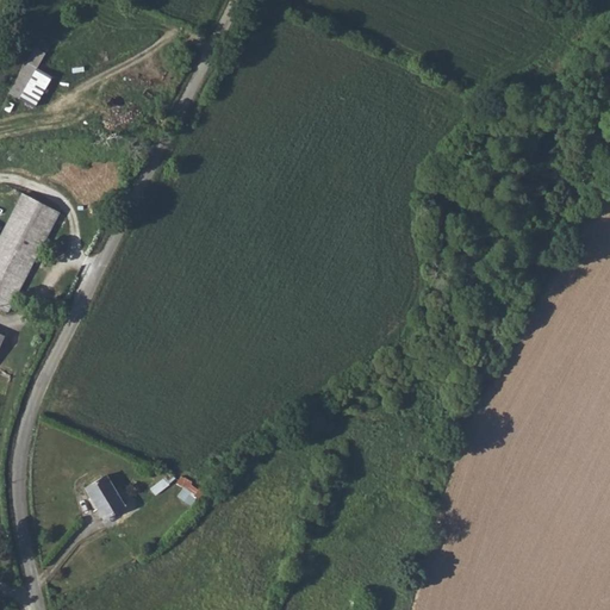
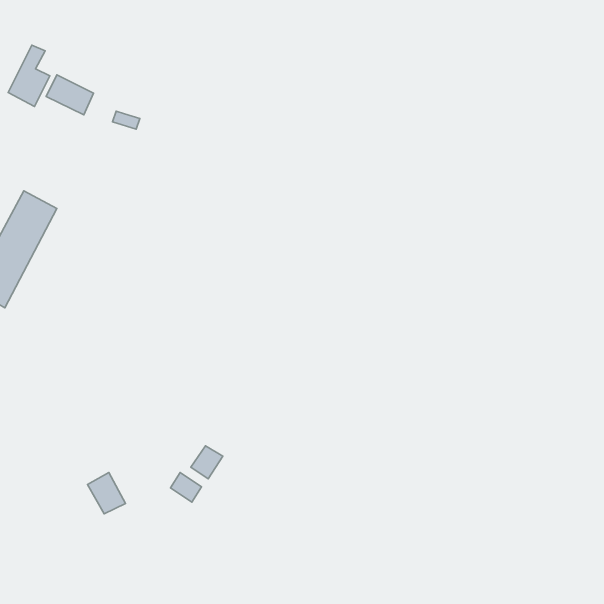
building: none -> [46,75,93,115]
building: none -> [191,446,223,479]

